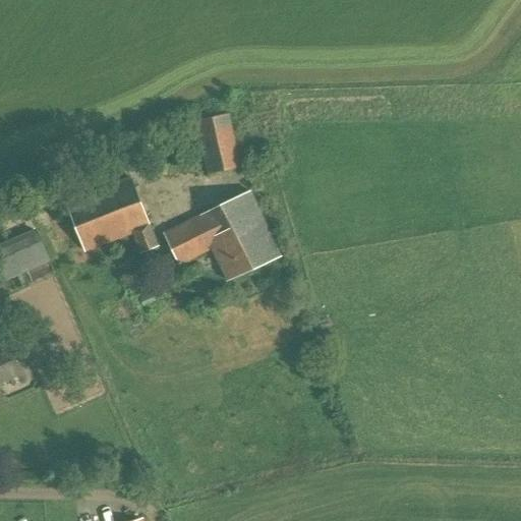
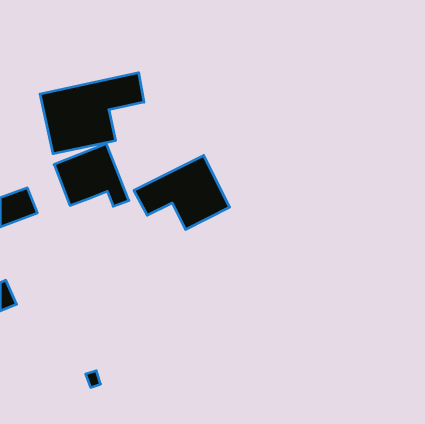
building: none -> [40,73,144,154]
building: [195,113,239,172] -> none

